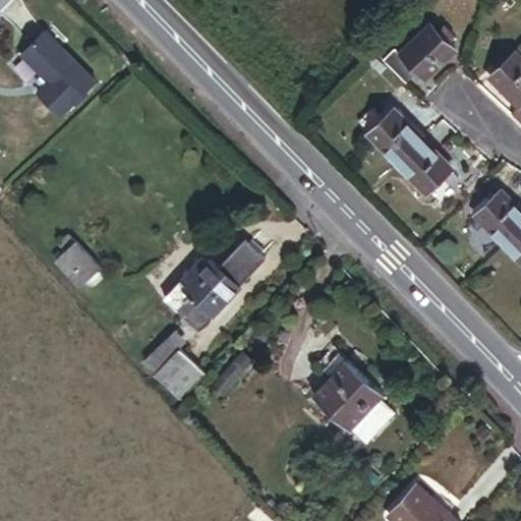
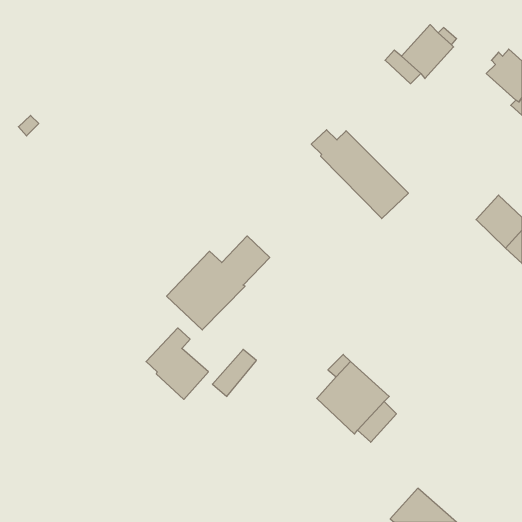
building: [11,33,98,119] -> none
building: [354,112,451,200] -> [311,130,408,219]
building: [57,245,101,289] -> none

